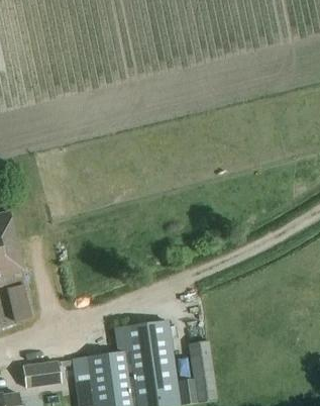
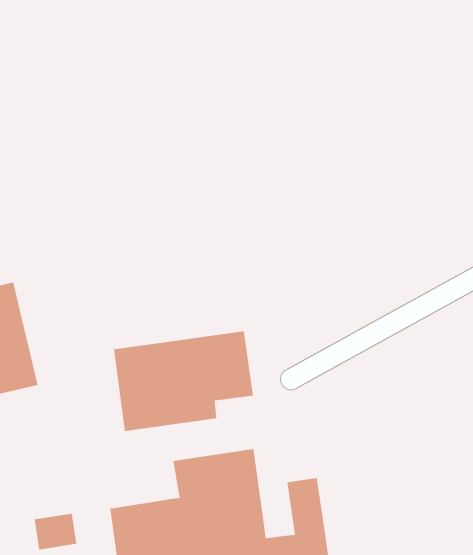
building: none -> [113,331,254,432]
building: [8,284,32,320] -> none

